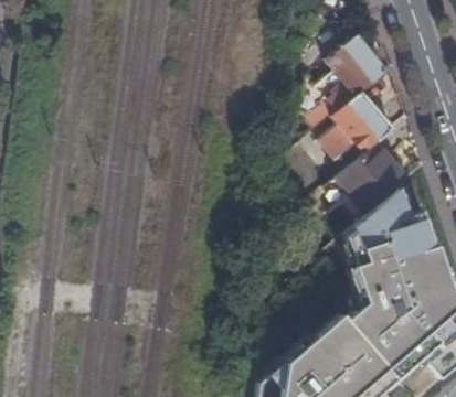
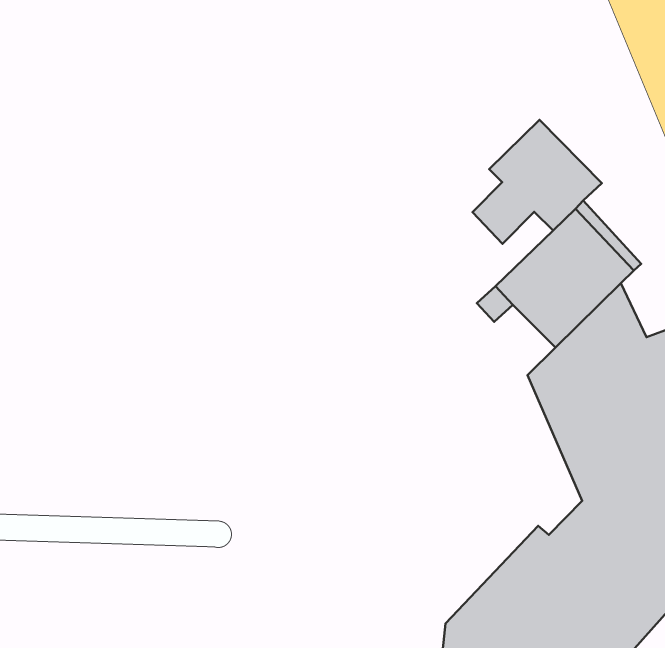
building: [298,35,384,129] -> none

